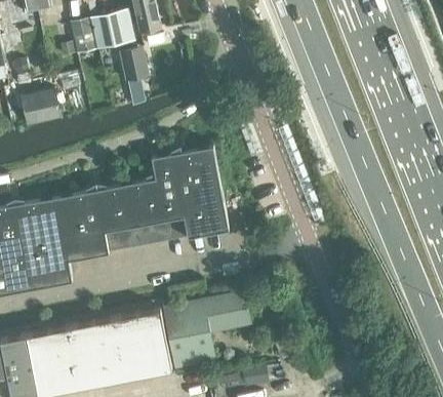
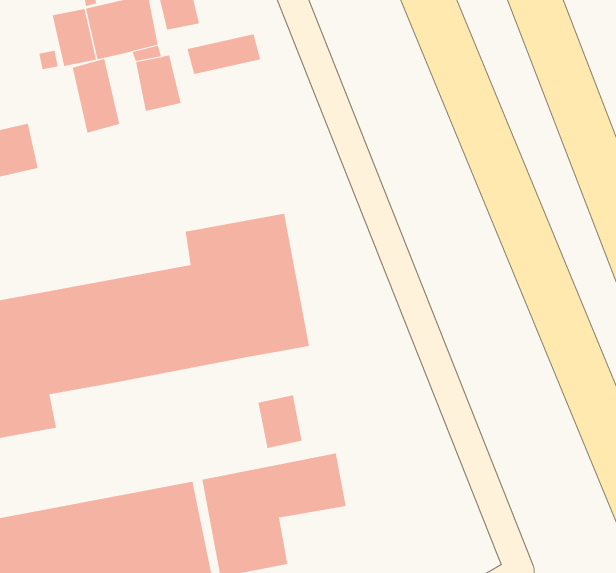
building: none -> [187,33,261,75]
building: none -> [72,58,120,133]
building: none -> [258,395,302,449]

